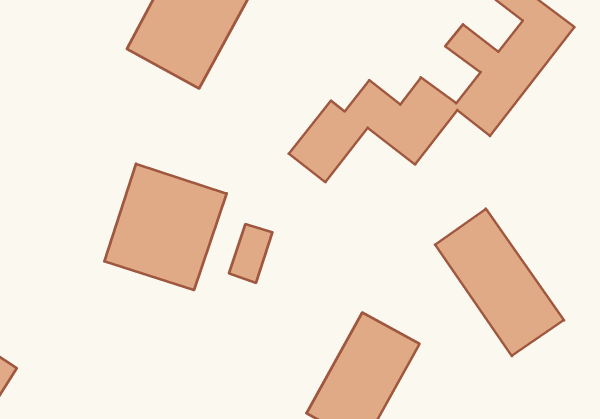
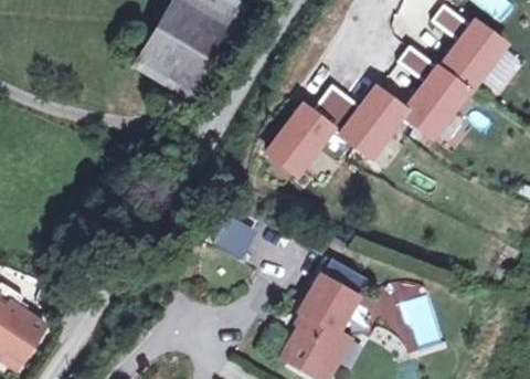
building: [104,164,227,290] -> none
building: [435,209,564,356] -> none

